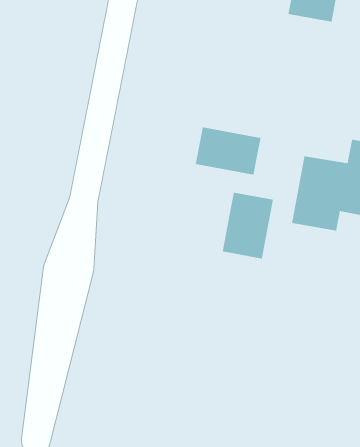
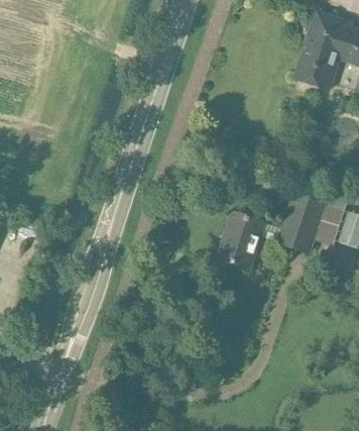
building: [195,127,261,175] -> none

